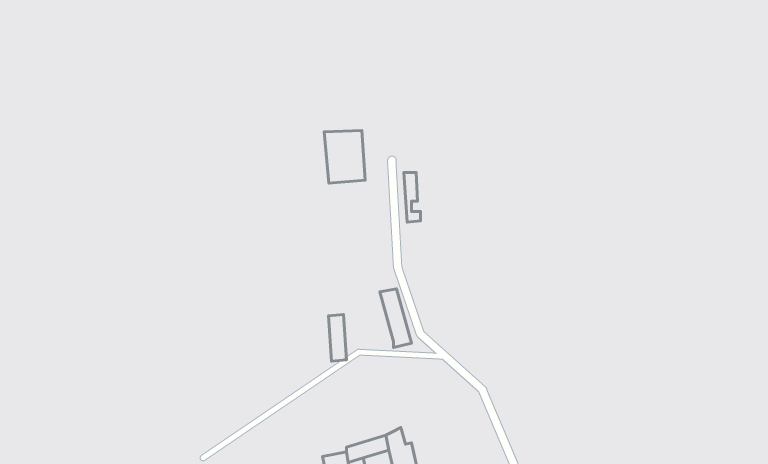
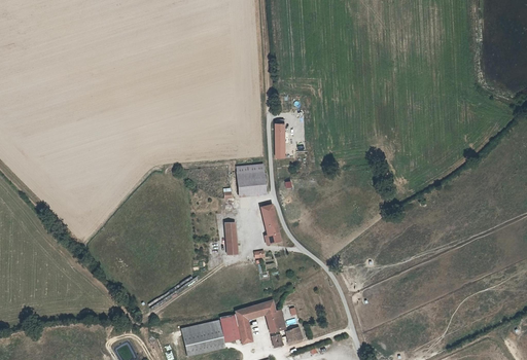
building: [324,130,365,183] -> [236,165,264,201]

